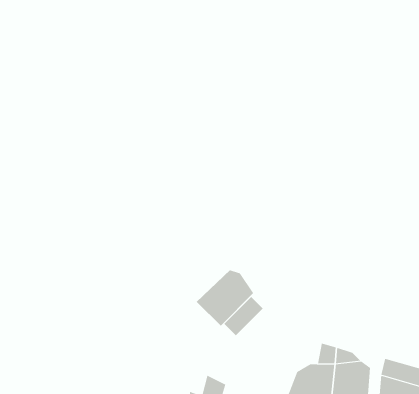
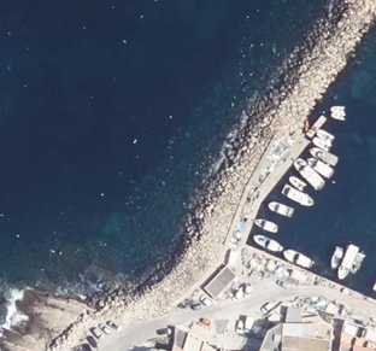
building: [196,269,254,326] -> none

